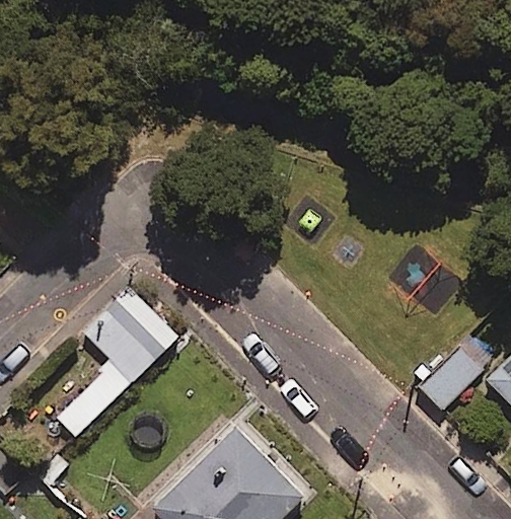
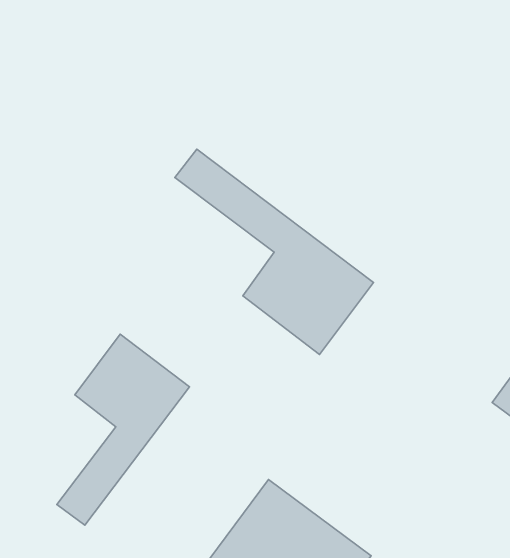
building: none -> [175,149,373,354]

